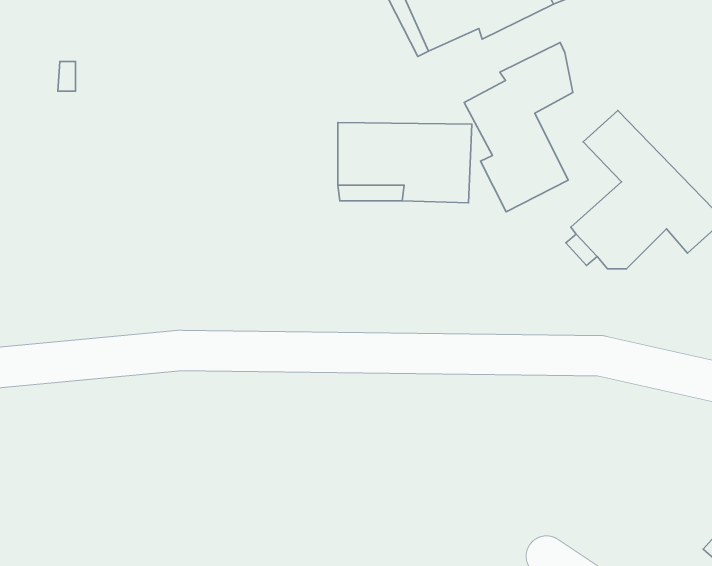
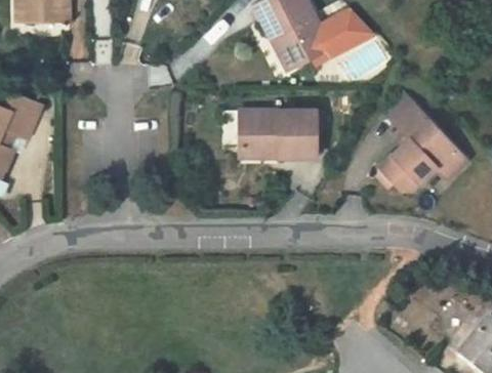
building: [464,43,573,212] -> none

